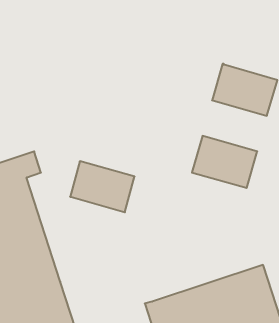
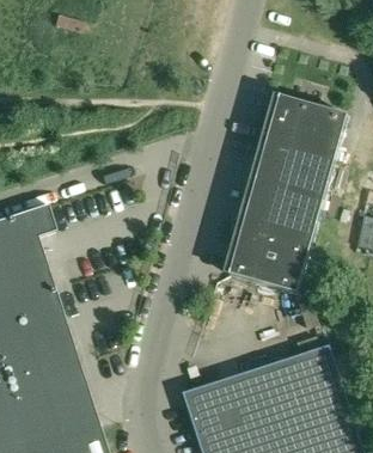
building: none -> [255,140,335,203]
building: [70,161,135,212] -> [230,229,310,293]

